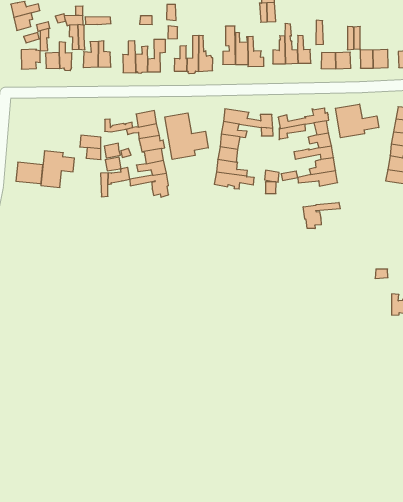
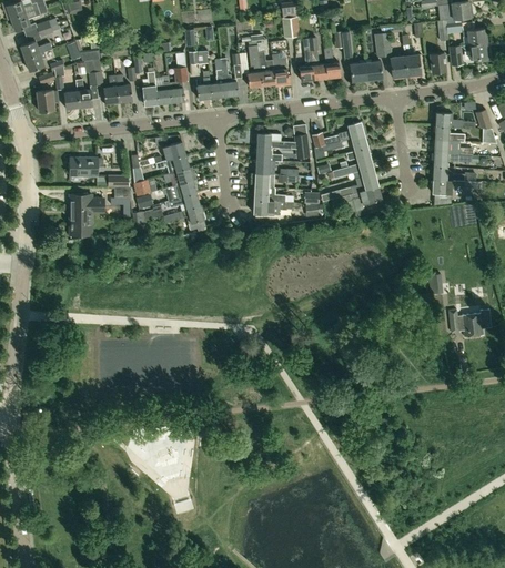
building: [335,104,379,138] -> none
building: [165,113,208,159] -> none
building: [16,162,43,184] -> [71,156,98,176]
building: [303,202,340,229] -> none

